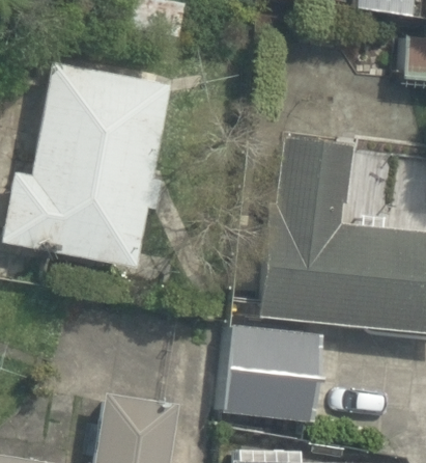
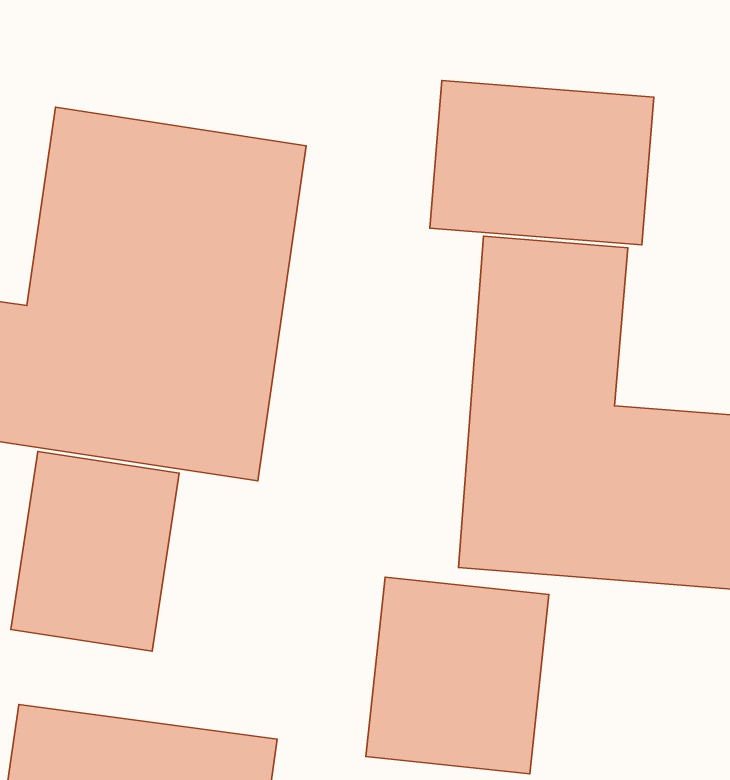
building: none -> [430,81,654,245]
building: none -> [11,451,179,651]

